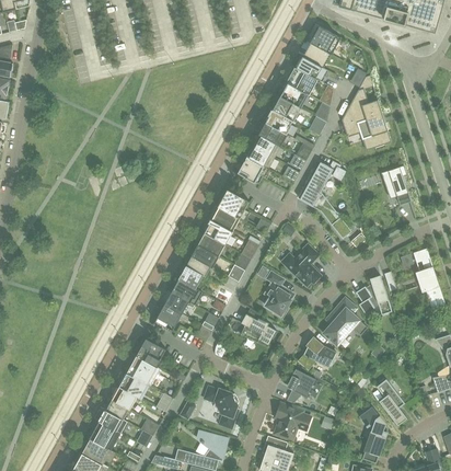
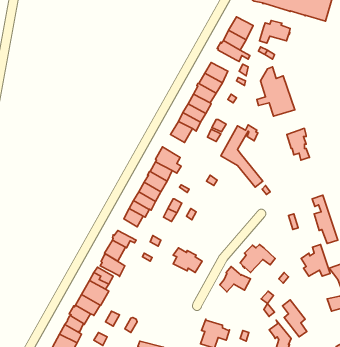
building: none -> [260,20,290,43]
building: [286,67,317,95] -> none
building: [281,245,320,286] -> none
building: [264,272,291,319] -> none
building: [355,275,391,314] -> [301,245,330,276]
building: [171,278,201,306] -> [100,255,125,277]
building: [286,368,315,403] -> none
building: [204,386,238,428] -> none

